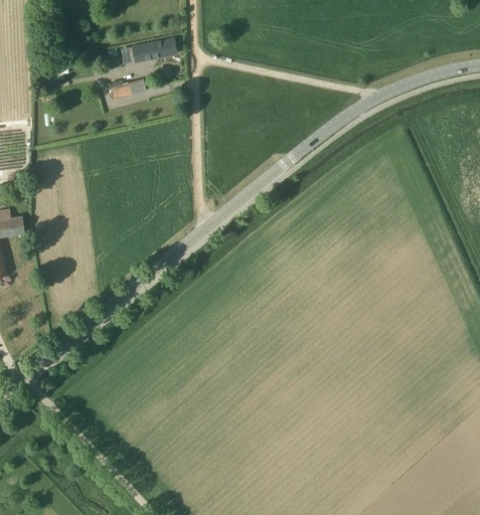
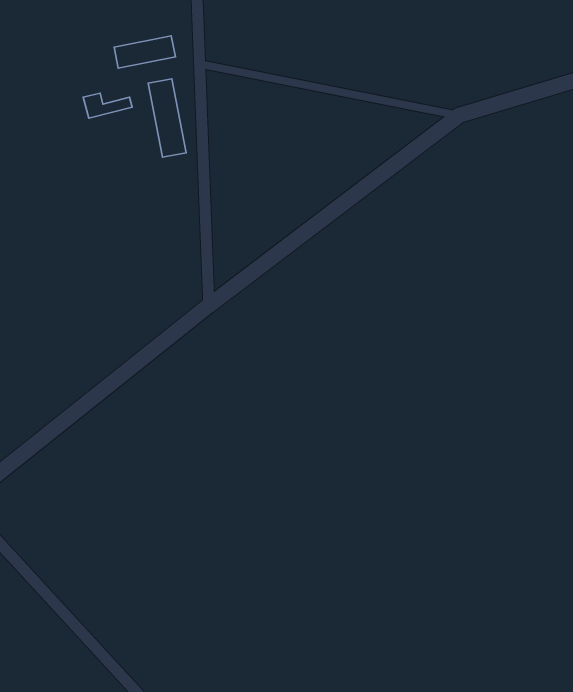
building: none -> [148,79,186,157]

